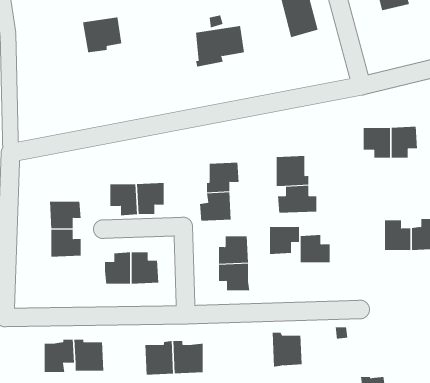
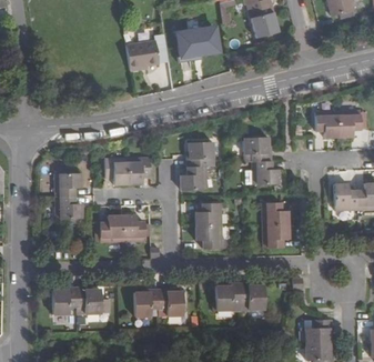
building: [82,17,122,53] -> [125,41,159,71]
building: [269,227,300,255] -> [263,224,289,248]
building: none -> [215,282,241,311]

